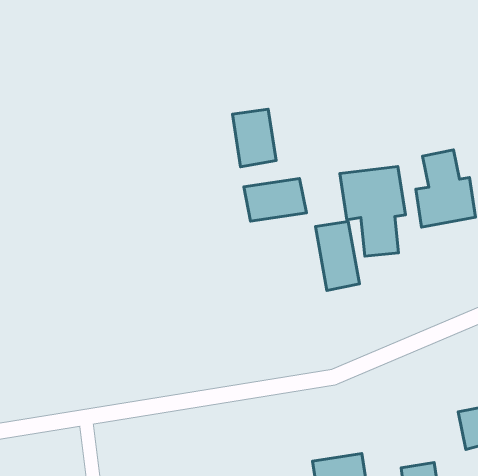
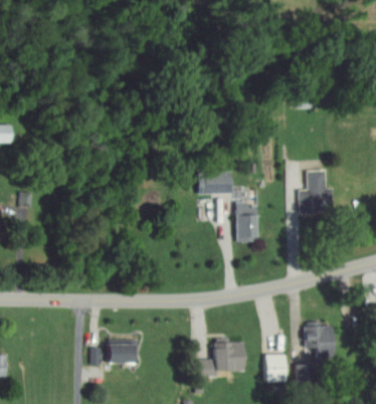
building: [232,109,276,167] -> none
building: [340,167,405,256] -> none

